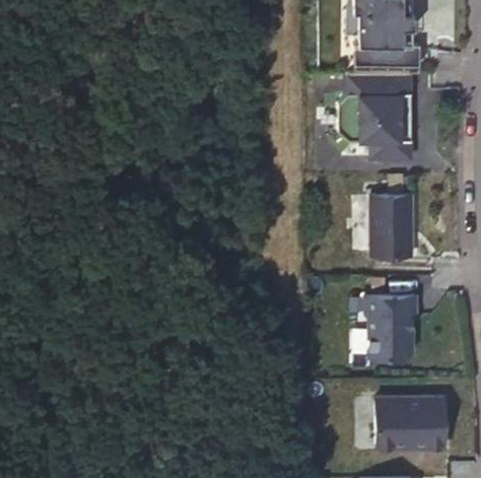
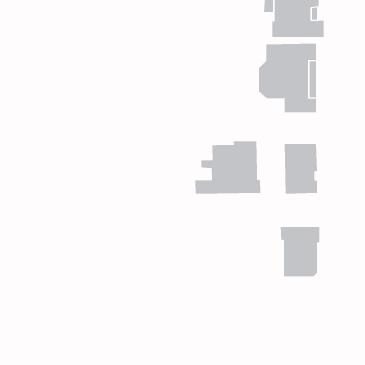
building: none -> [195,140,261,195]
building: [375,399,445,449] -> none

